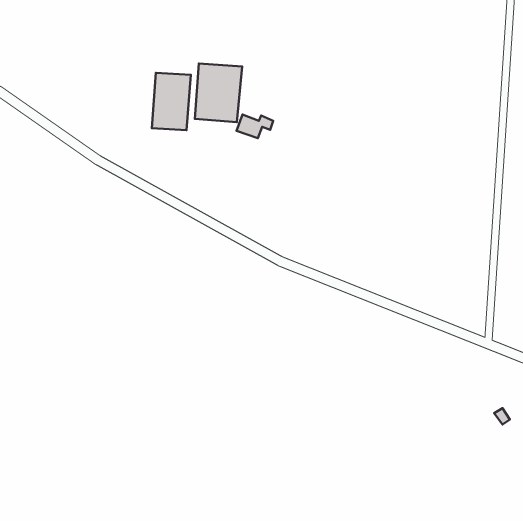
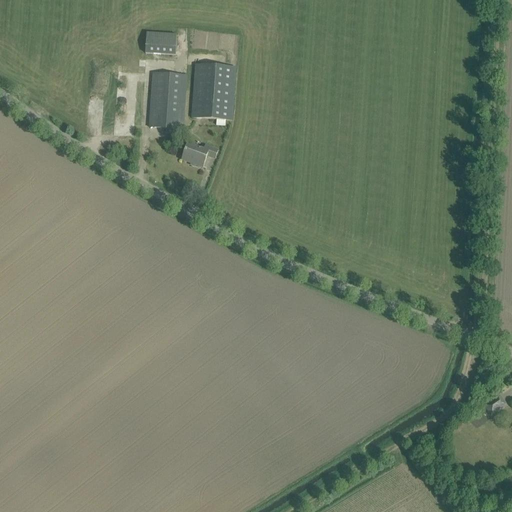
building: none -> [144,30,176,53]
building: [236,115,273,138] -> [181,142,217,165]

